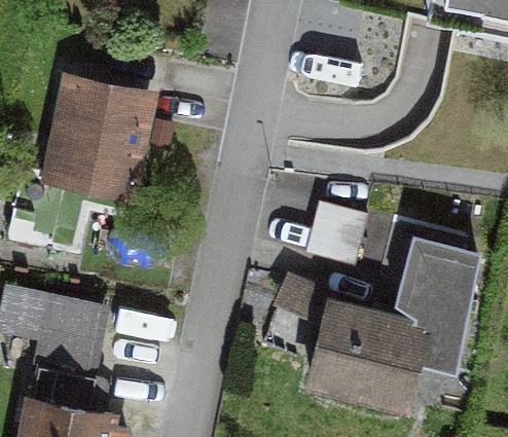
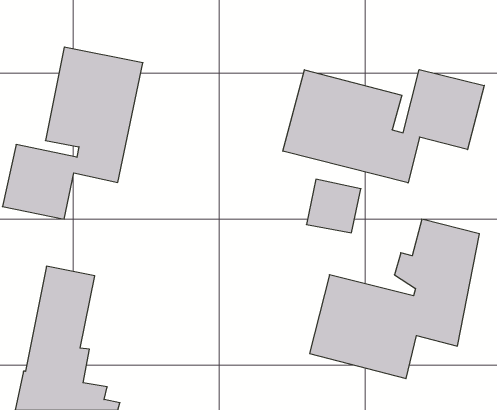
building: none -> [283,70,484,183]

